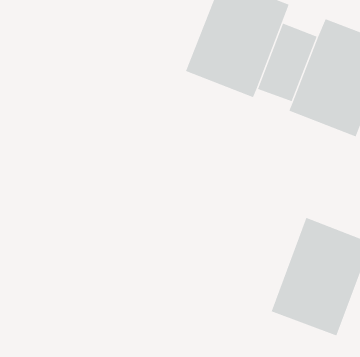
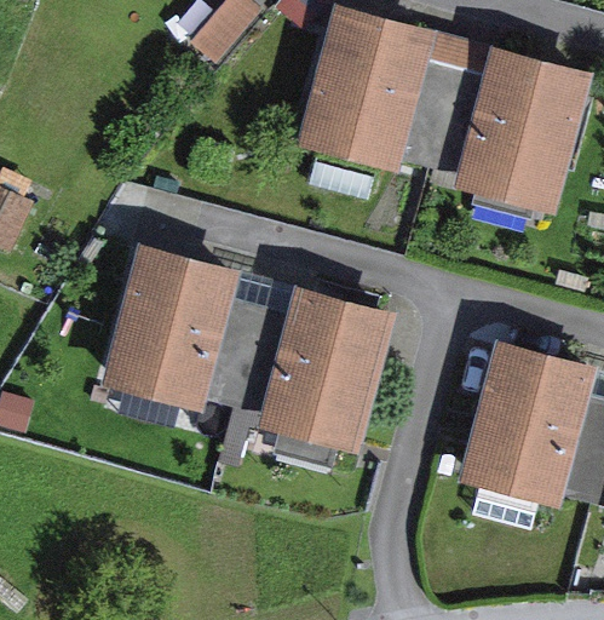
building: none -> [99,245,240,414]
building: none -> [257,287,396,455]

